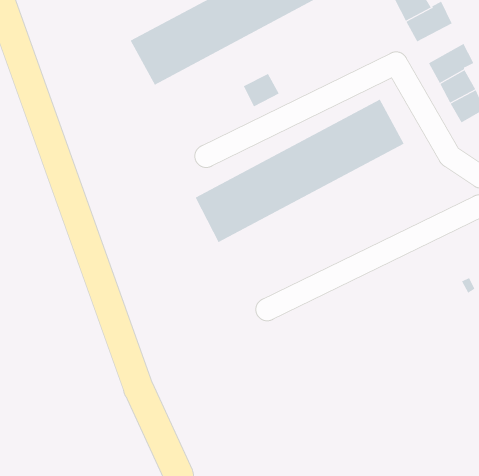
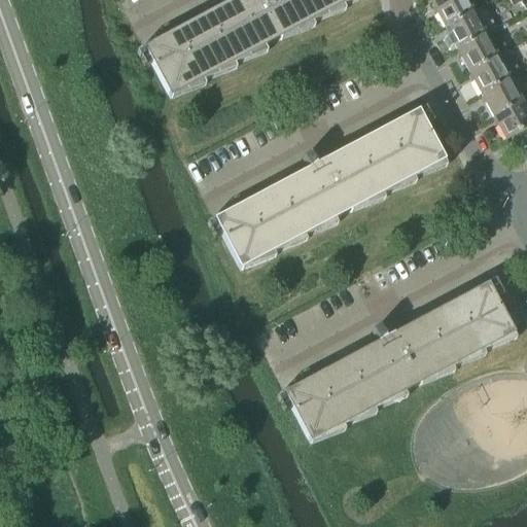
building: none -> [458,26,510,69]
building: [243,73,279,107] -> none
building: none -> [284,281,515,440]

